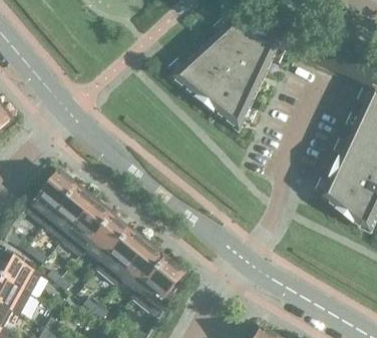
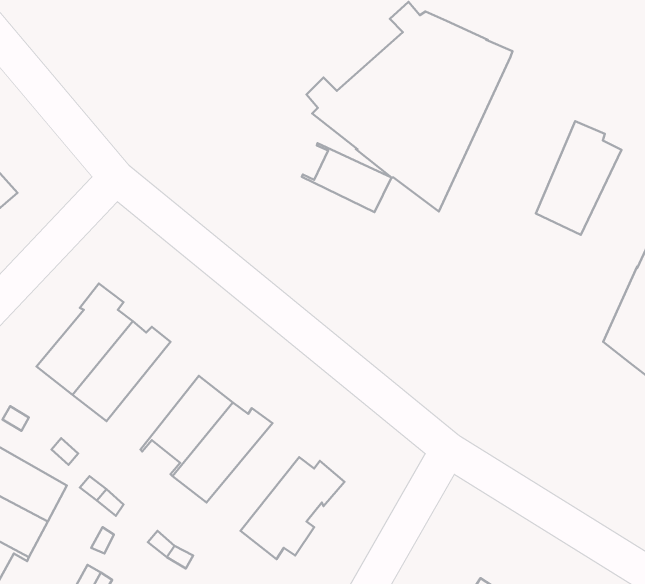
building: none -> [536,121,621,235]
building: none -> [302,143,392,212]
building: [61,199,110,256] -> none
building: [114,242,163,299] -> none

